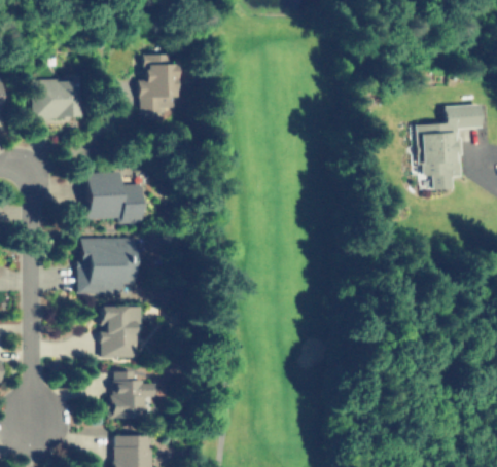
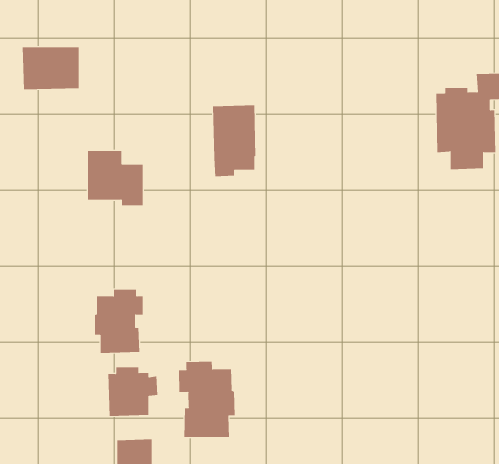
building: [138,48,178,114] -> [212,105,256,177]
building: [83,240,137,293] -> none
building: none -> [178,361,235,438]

